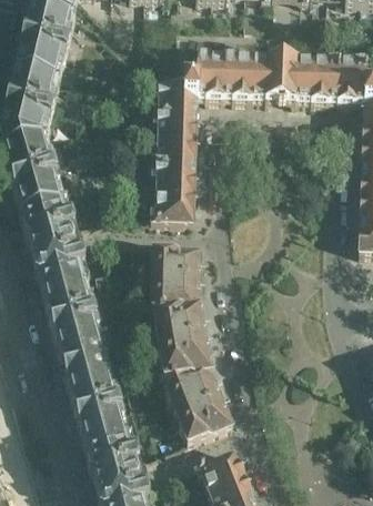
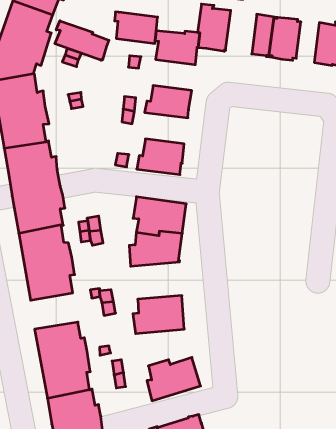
building: [224,57,251,100] -> none
building: [290,61,312,101] -> none
building: none -> [55,21,109,60]
building: [154,113,195,140] -> [115,12,158,43]
building: [152,165,194,192] -> none
building: [152,306,205,346] -> none
building: [60,346,108,385] -> none
building: [164,371,221,409] -> none

